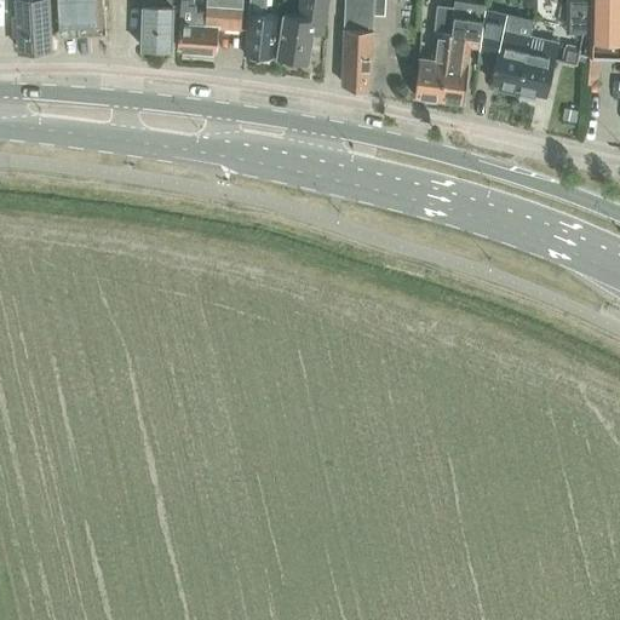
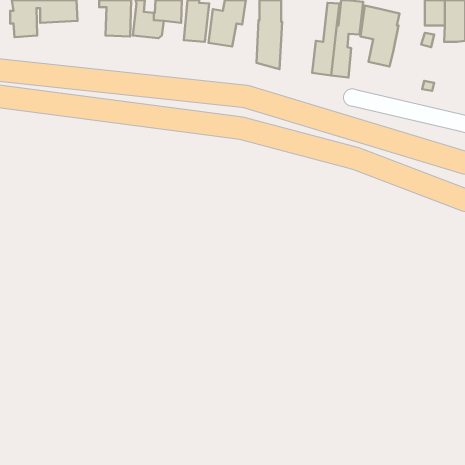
building: [518,34,558,94] -> none

